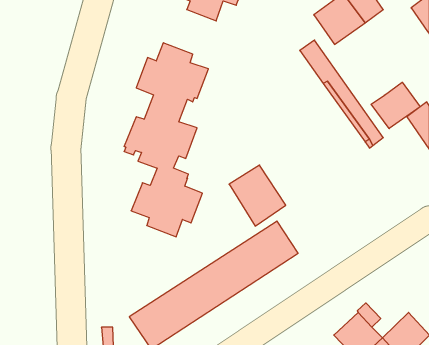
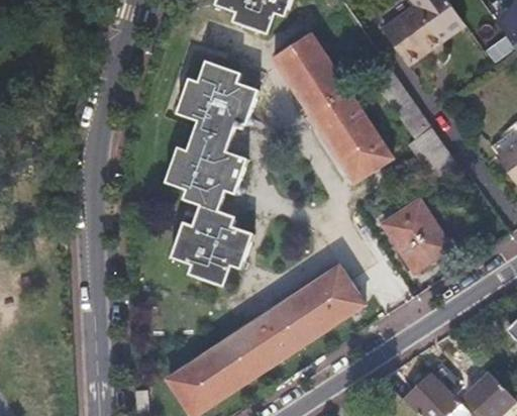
building: none -> [275,34,390,180]
building: [371,82,420,129] -> none
building: [229,165,286,226] -> [382,200,447,271]

